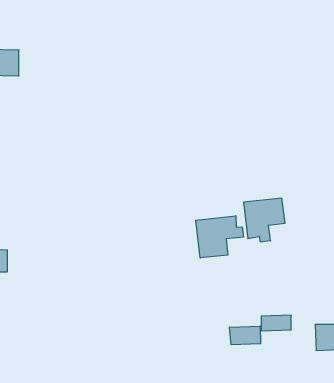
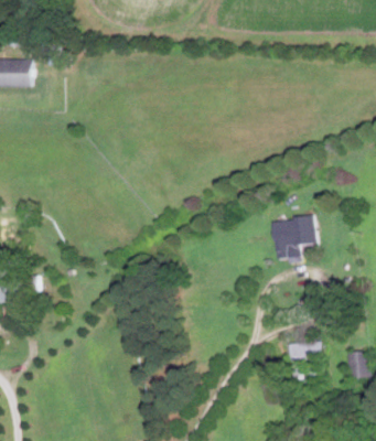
building: [196,216,243,258] -> none
building: [230,326,261,345] -> none

